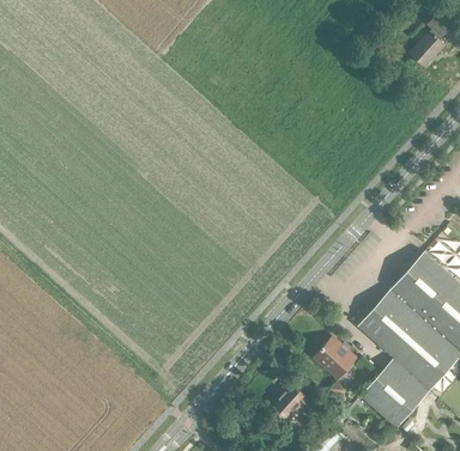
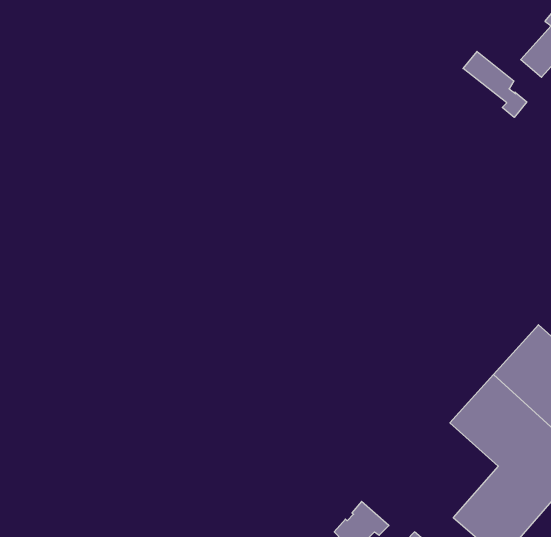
building: none -> [463,51,527,117]
building: [316,337,355,376] -> none

